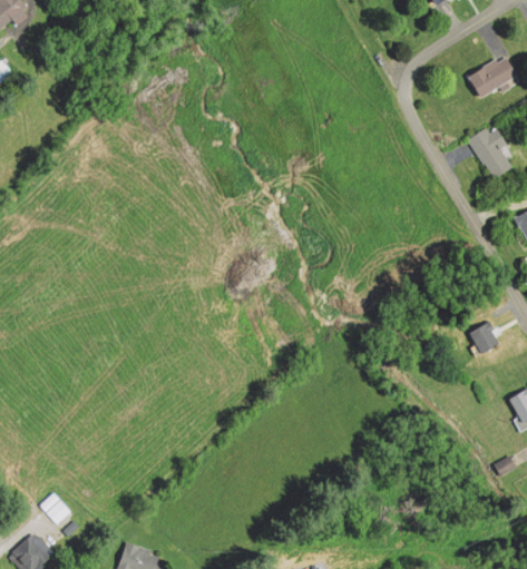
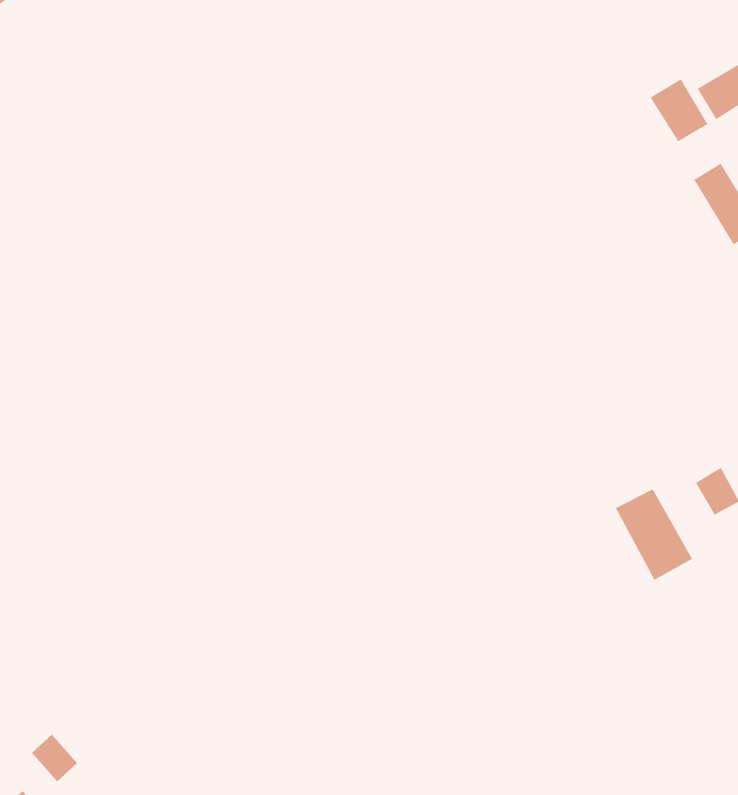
building: none -> [650,78,708,142]
building: none -> [615,488,693,580]

